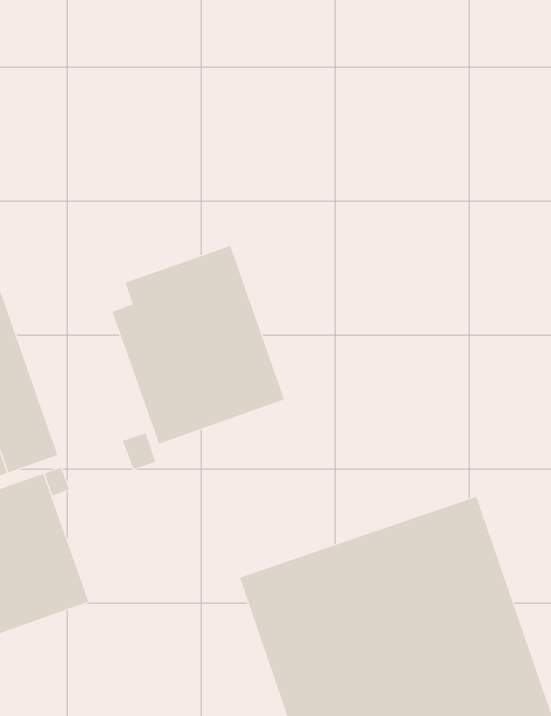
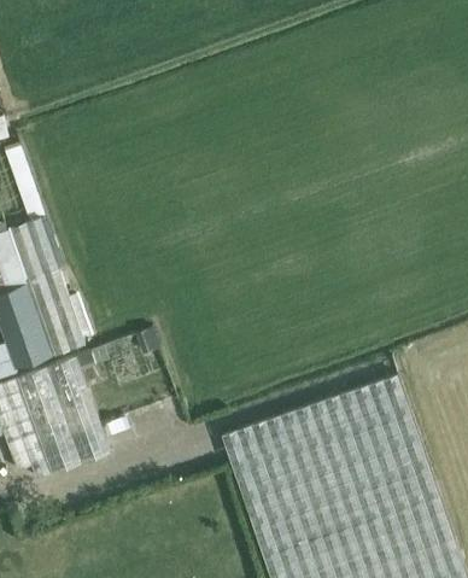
building: [112,245,285,444] -> none

